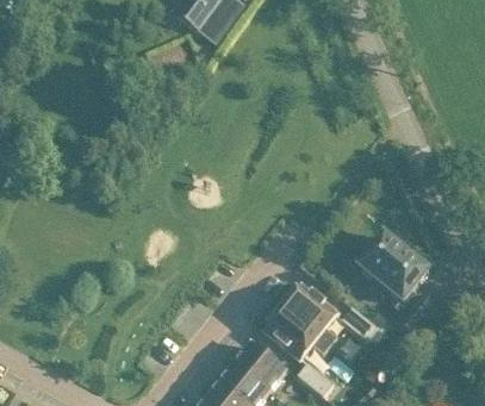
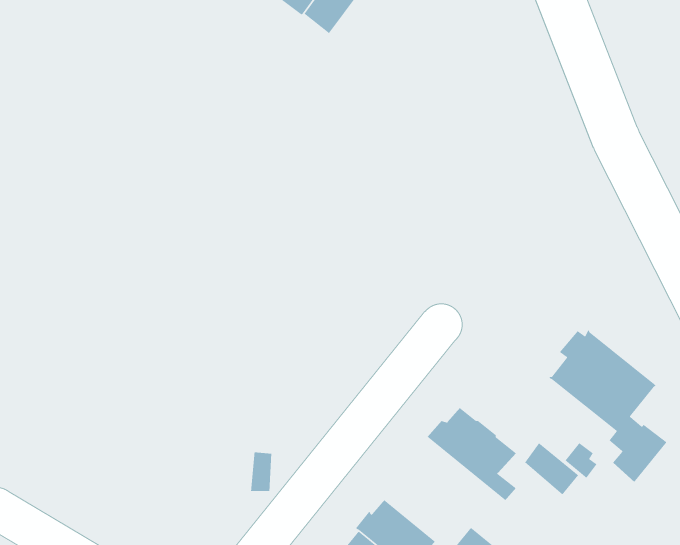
building: [263,304,330,358] -> none

